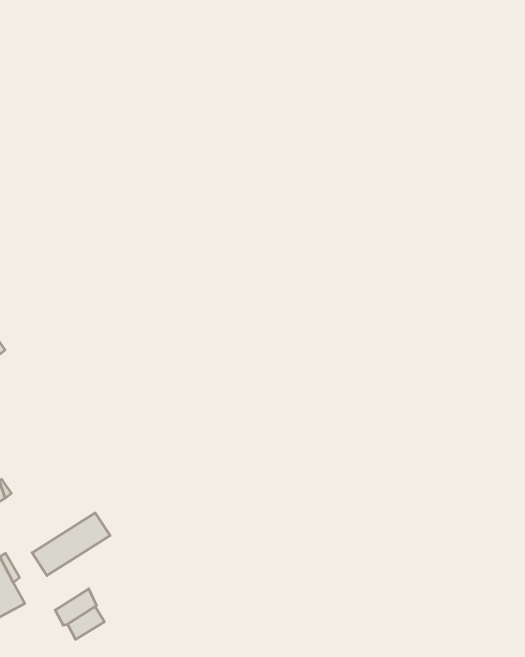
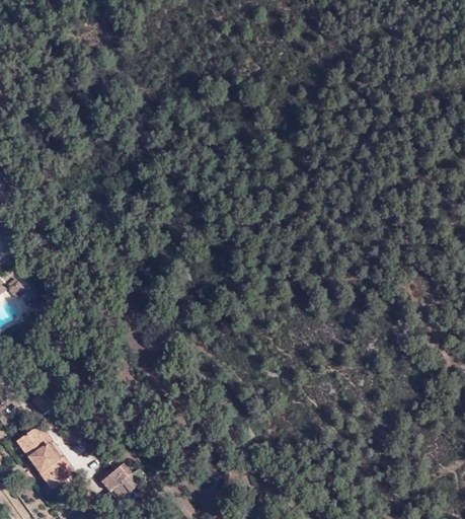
building: [32,513,110,576] -> none

